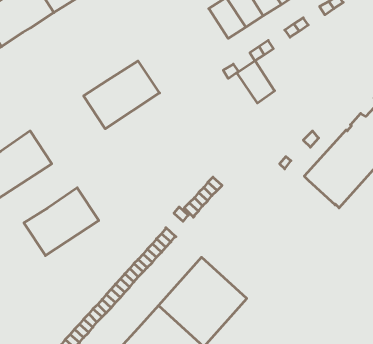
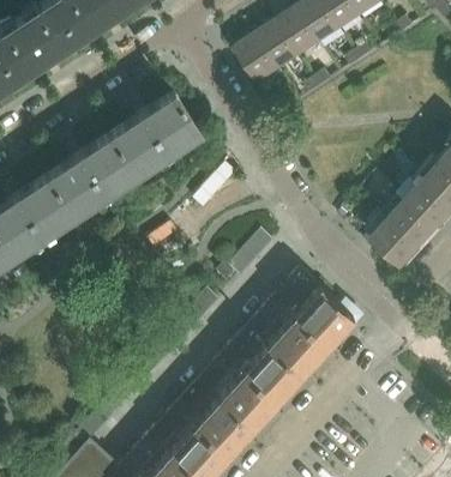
building: [237,61,275,103] -> [234,37,278,86]
building: [24,188,99,256] -> [47,139,134,218]
building: none -> [247,272,351,375]

